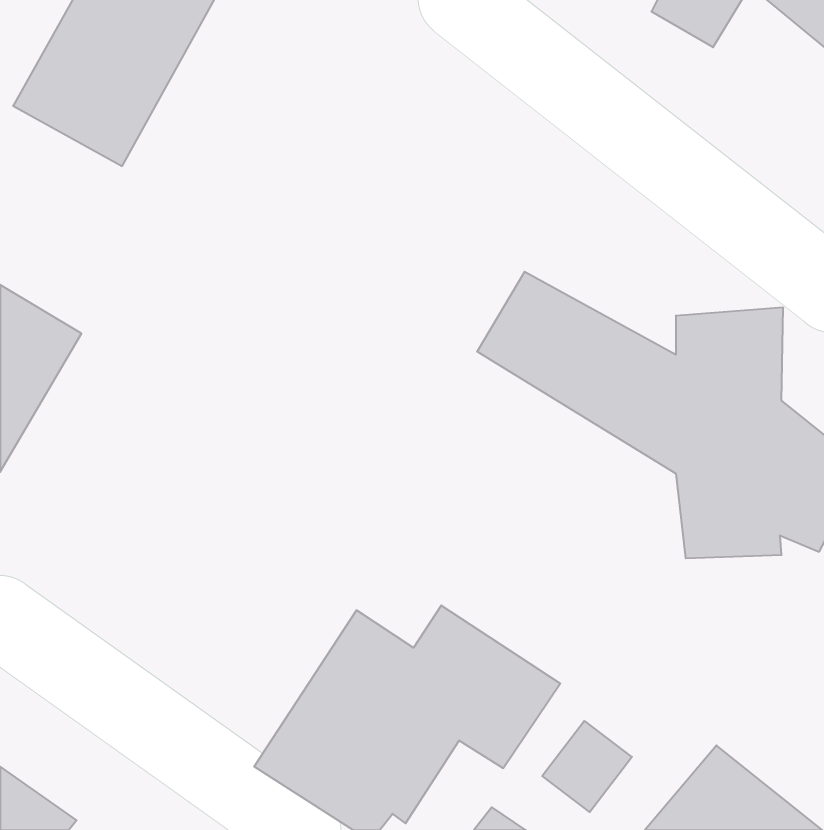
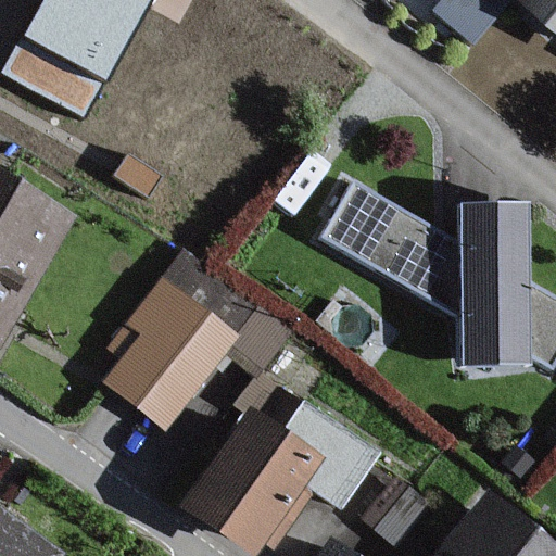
building: none -> [106,252,298,445]

